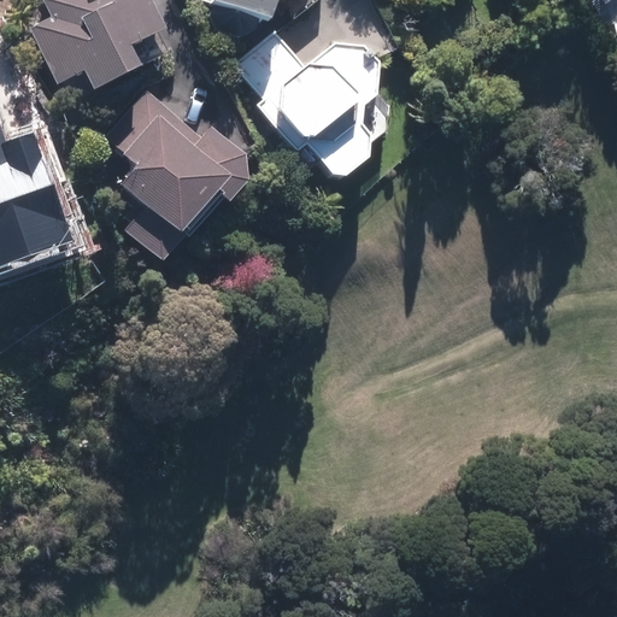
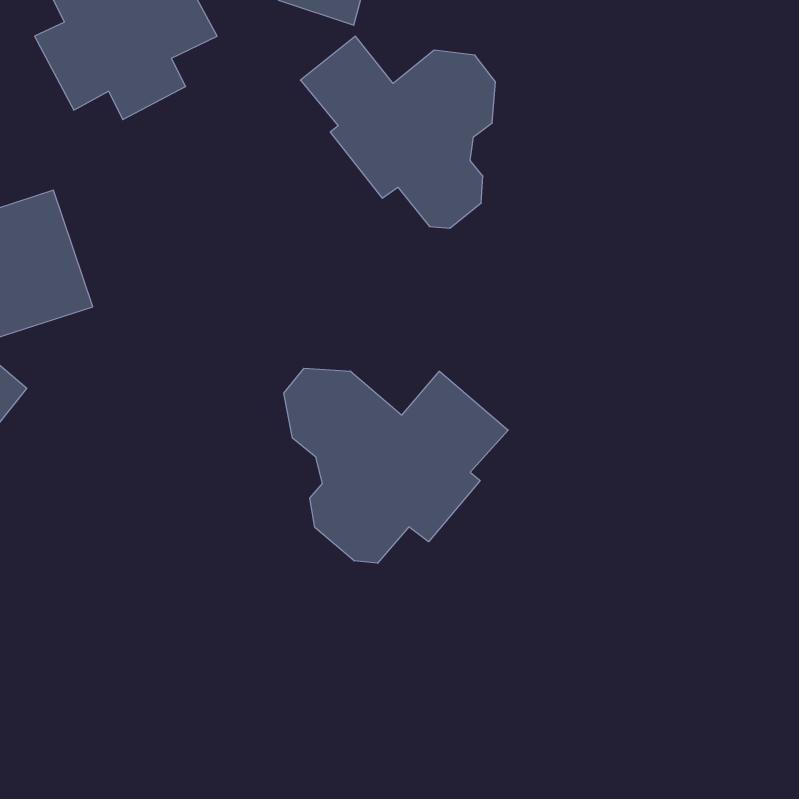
building: [102,89,248,262] -> none
building: none -> [284,368,508,563]

